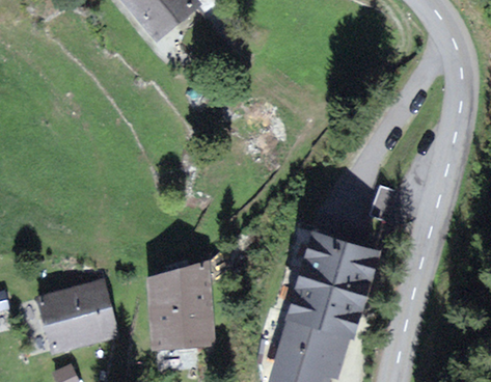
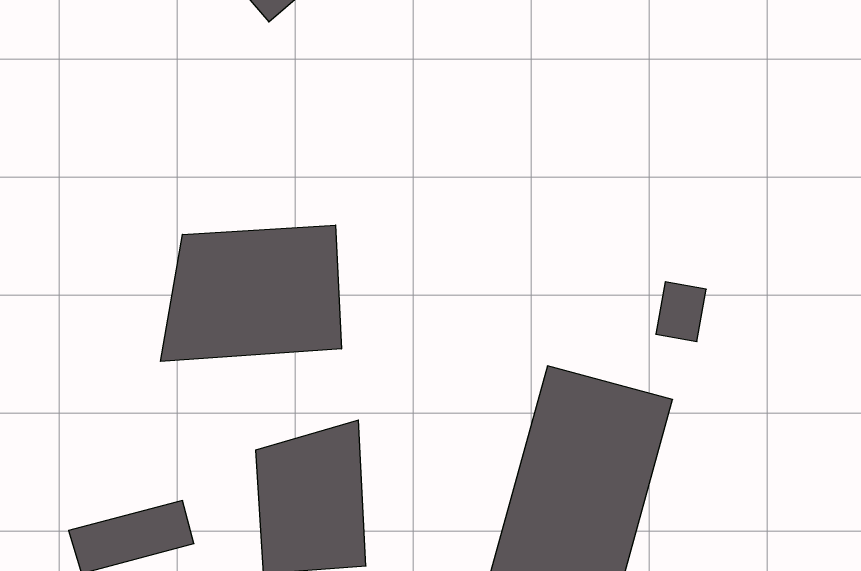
building: none -> [161,225,341,361]
building: [38,281,108,323] -> none

